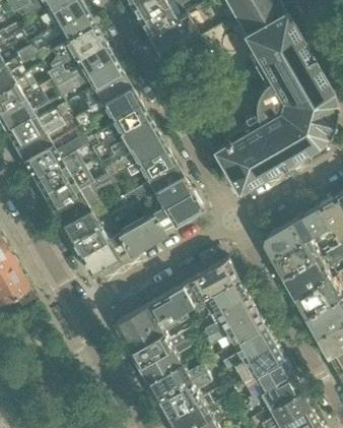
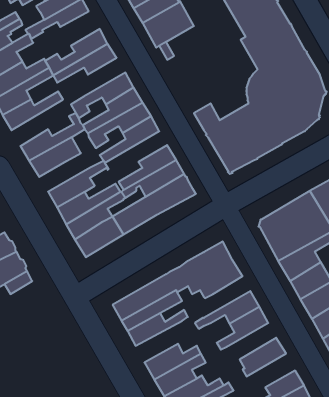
building: [50,22,104,58] -> none
building: [82,70,130,110] -> none
building: [13,111,74,161] -> none
building: [109,145,173,184] -> none
building: [42,168,93,207] -> none
building: [205,294,258,337] -> none
building: [140,340,192,382] -> none
building: [233,342,284,379] -> none
building: [249,373,303,408] -> none

